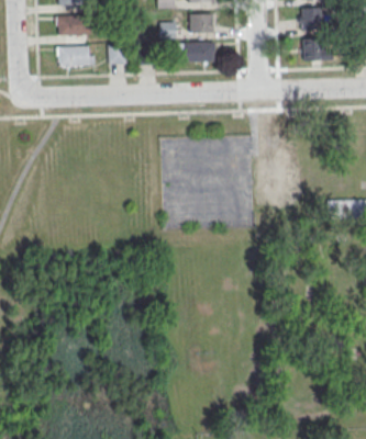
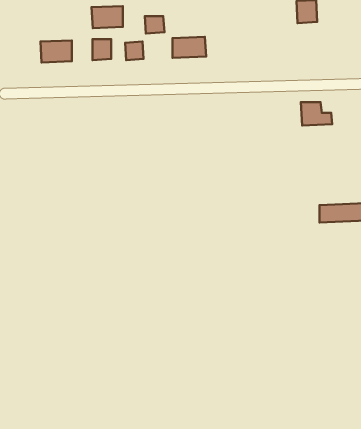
building: [191,14,215,33] -> none
building: [60,15,90,36] -> [92,6,123,28]
building: [304,40,334,61] -> [301,102,332,125]

